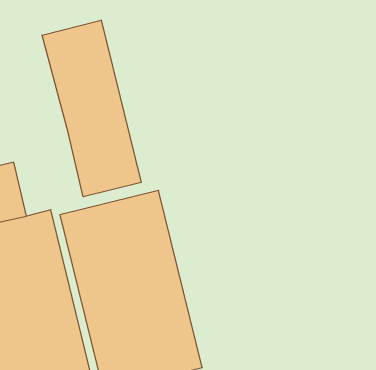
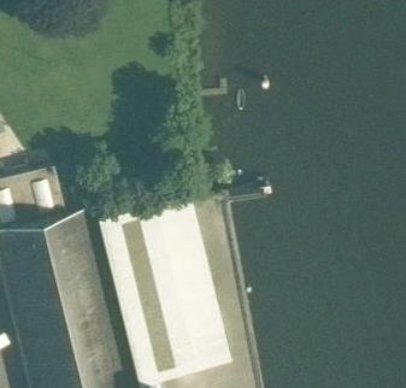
building: [42,20,141,197] -> none

